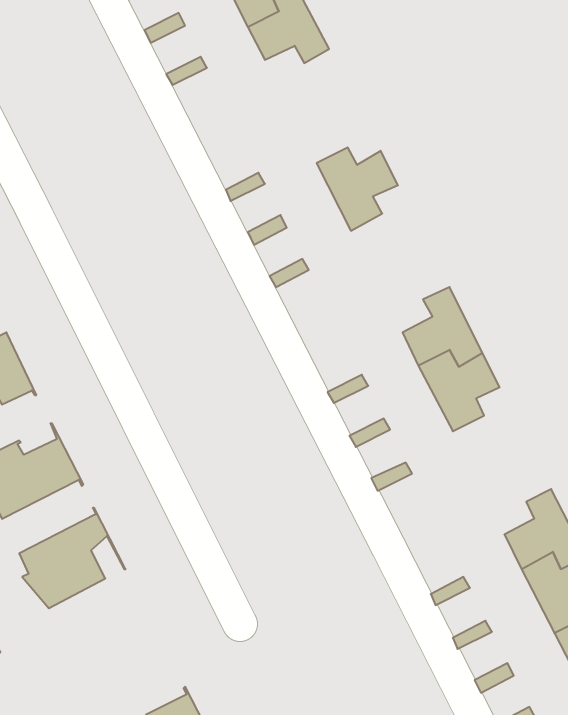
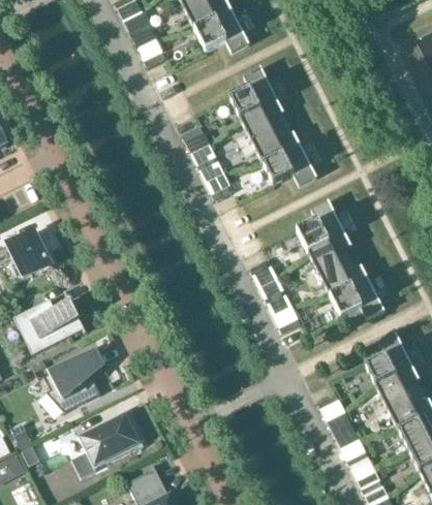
building: none -> [229,66,283,119]
building: none -> [264,132,316,185]
building: none -> [331,265,384,318]
building: none -> [79,407,145,467]

